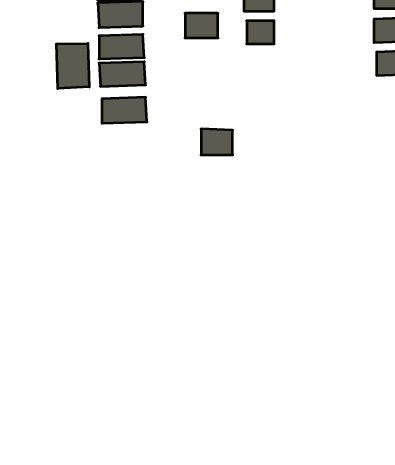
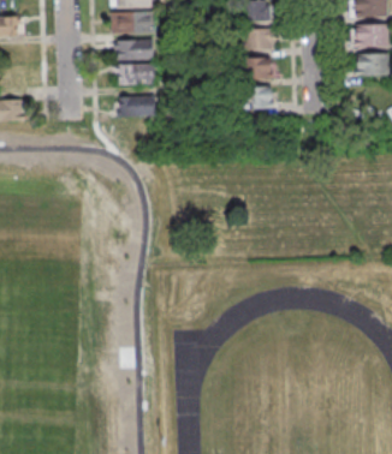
building: [185,13,218,38] -> [240,56,269,78]
building: [56,43,89,89] -> none
building: [201,129,233,155] -> [243,85,271,108]

